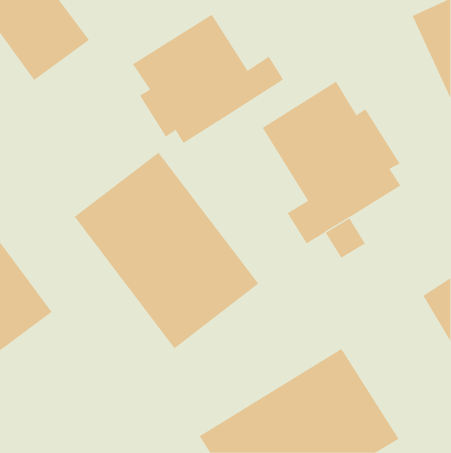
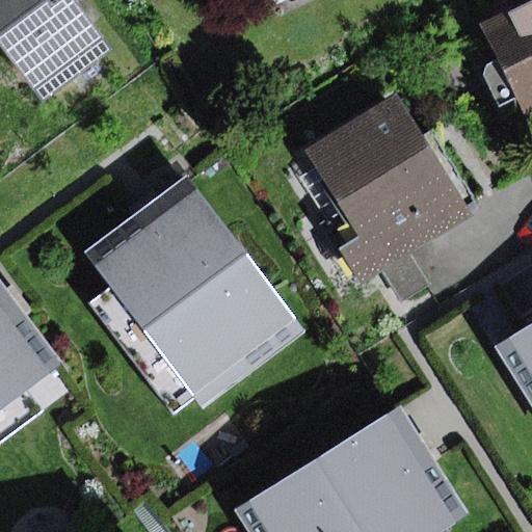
building: [132,14,284,144] -> none

